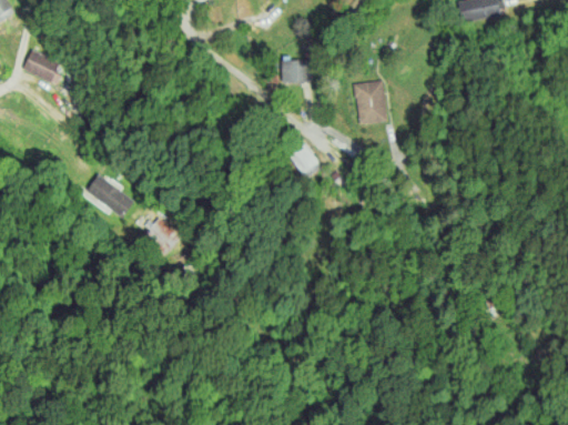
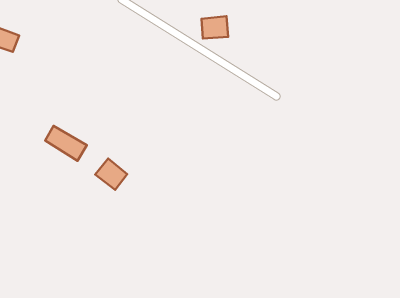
building: [354,80,386,123] -> none
building: [287,142,317,173] -> none

